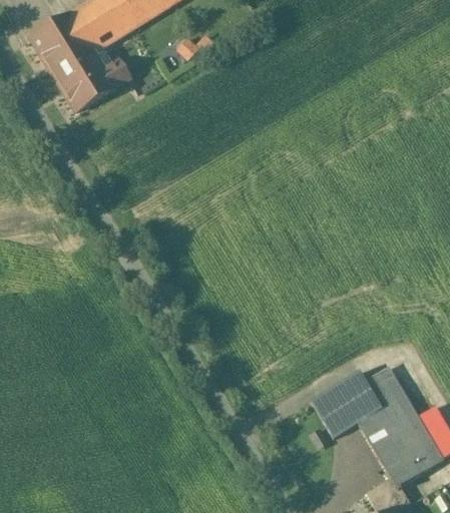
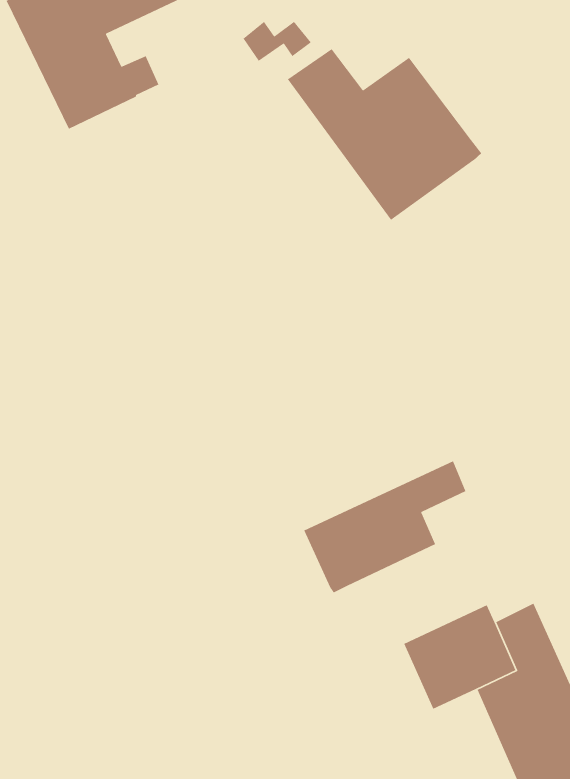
building: none -> [287,48,482,221]
building: none -> [303,460,466,593]

